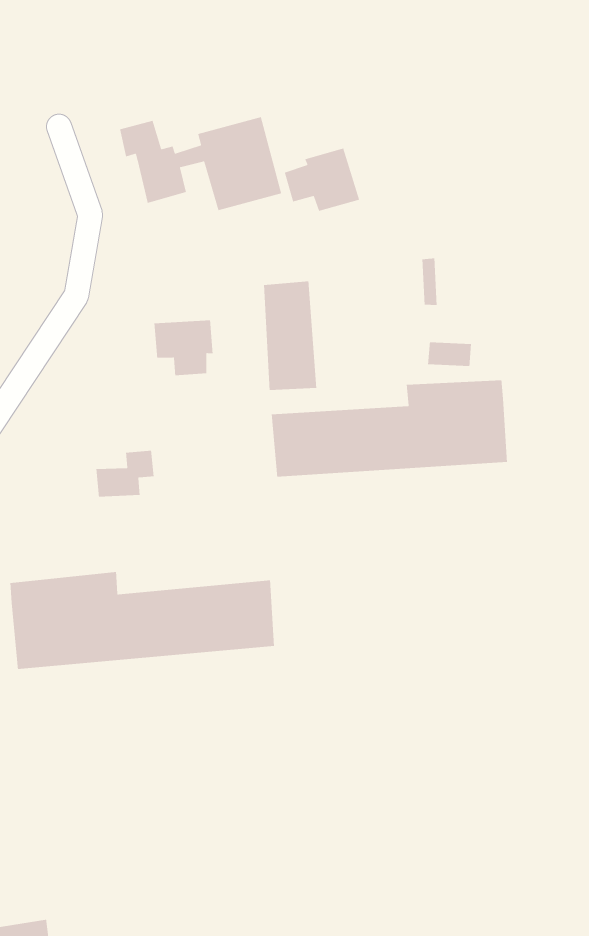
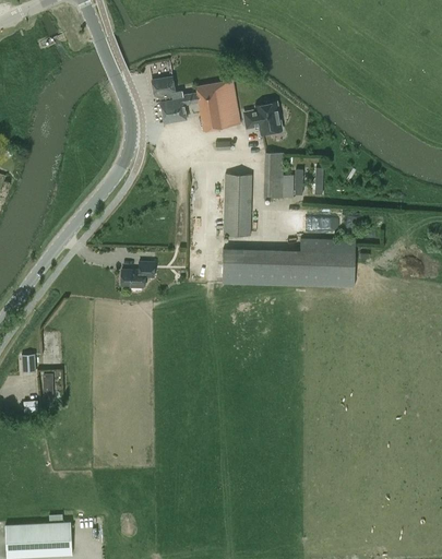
building: none -> [263,153,294,198]
building: [154,320,213,376] -> none
building: [9,571,275,670] -> none

